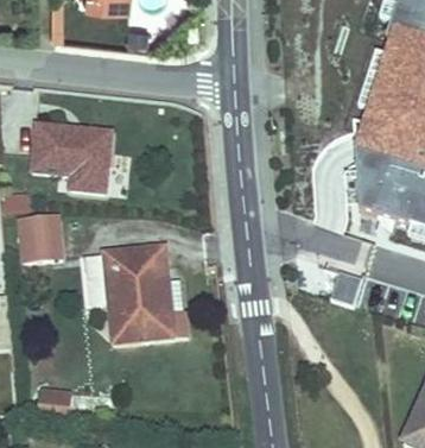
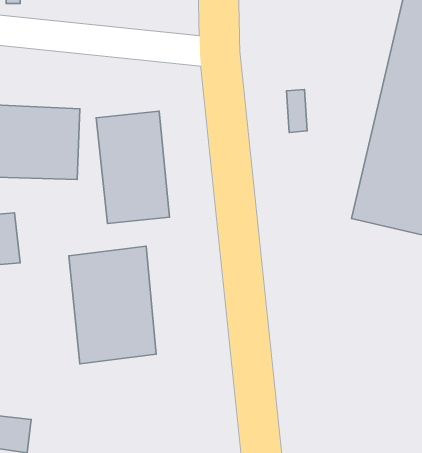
building: none -> [96,111,169,224]

